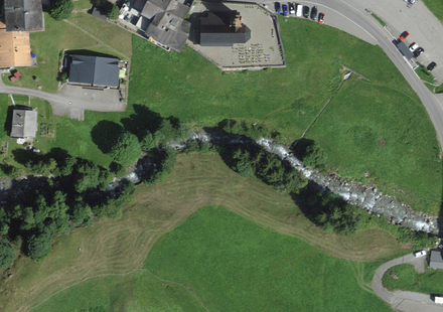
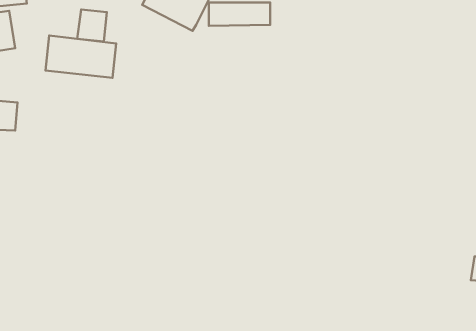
building: none -> [77,9,107,42]

